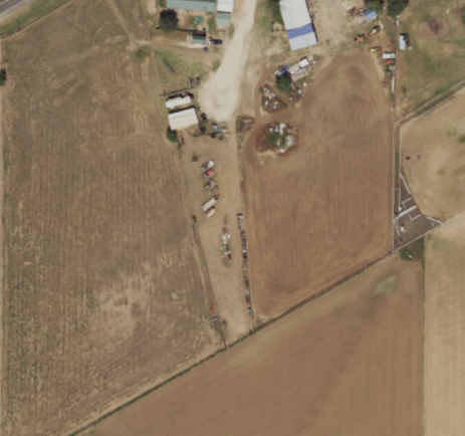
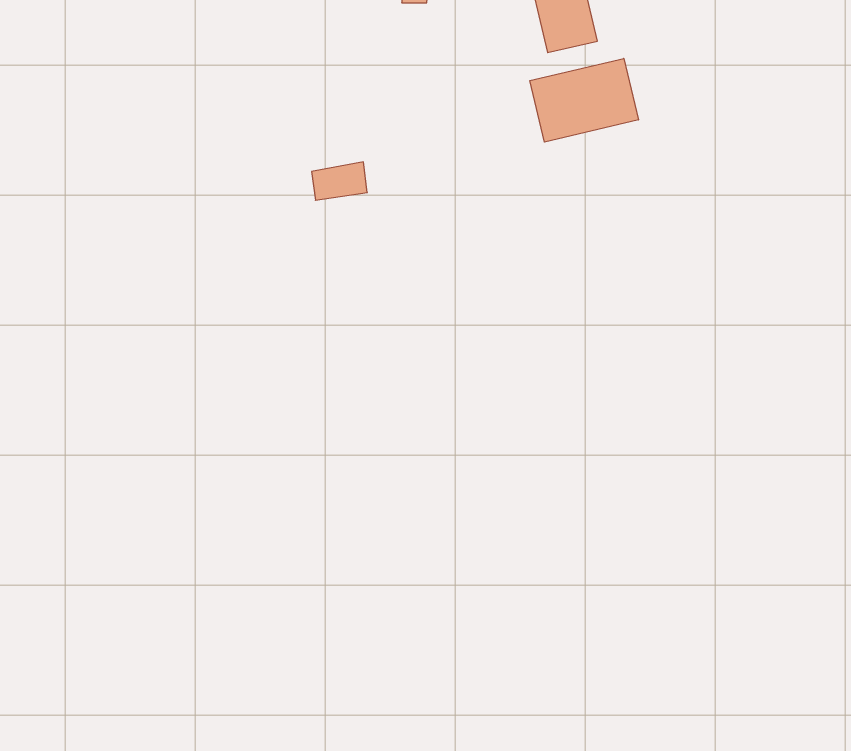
building: none -> [530,58,638,142]

